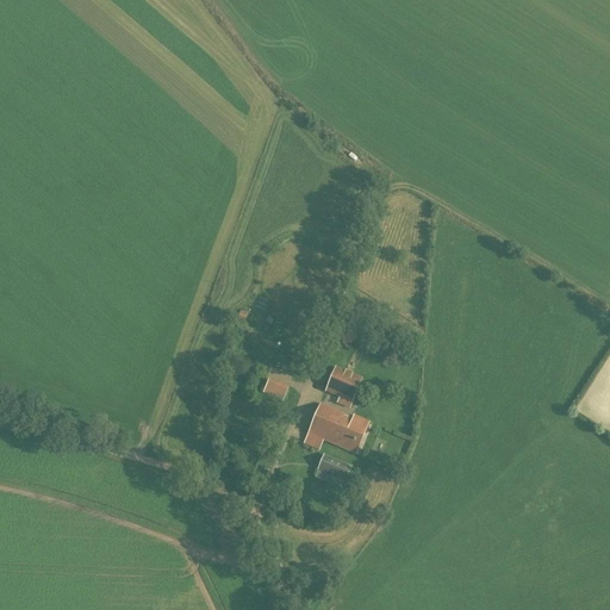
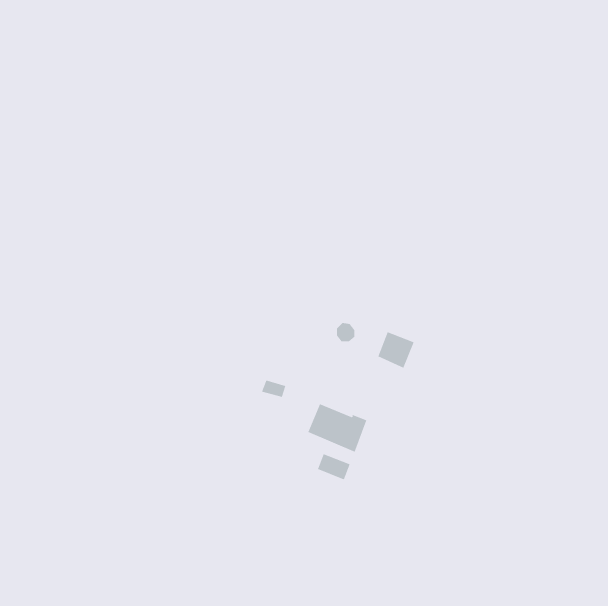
building: [324,366,361,403] -> [378,332,415,368]

